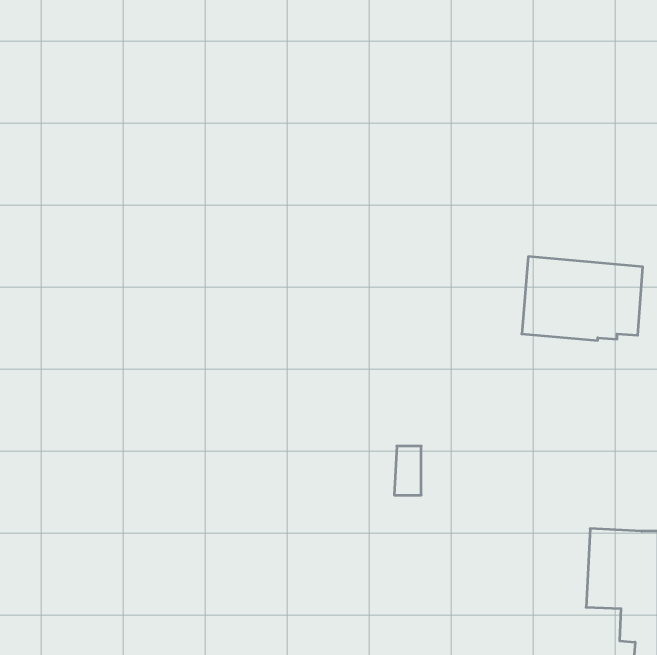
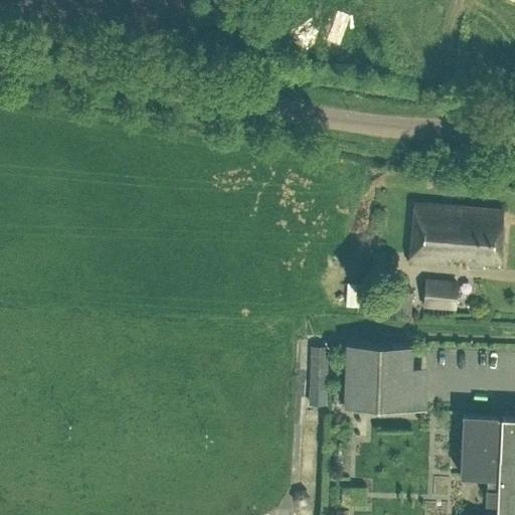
building: none -> [424,281,456,308]
building: none -> [345,347,427,410]

